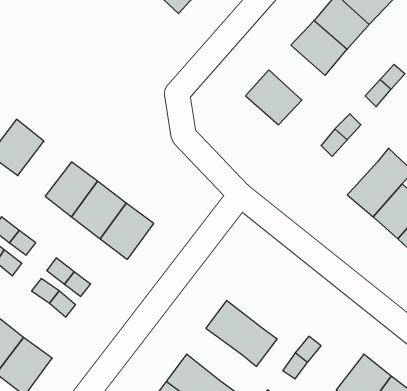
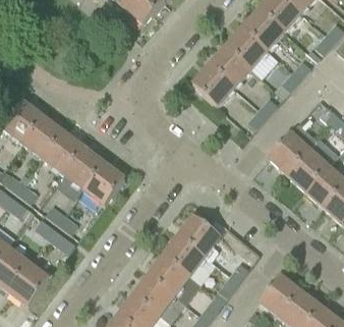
building: none -> [210,46,251,87]
building: none -> [23,117,63,158]
building: none -> [178,216,220,256]
building: none -> [149,256,189,295]

